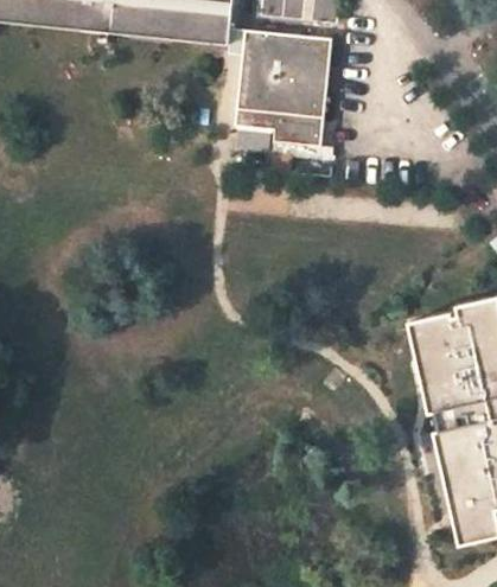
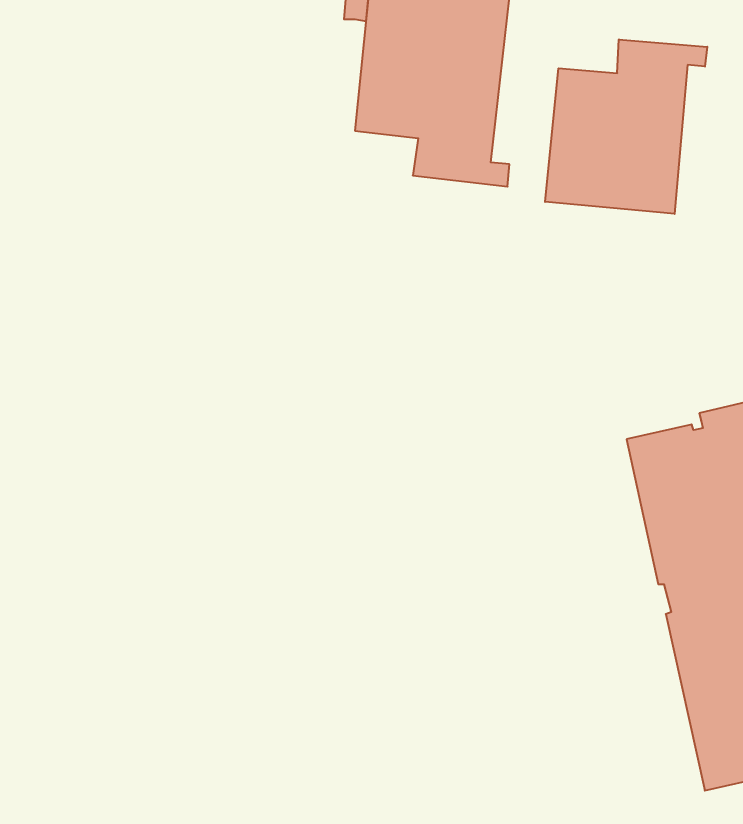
building: none -> [545,39,707,214]

